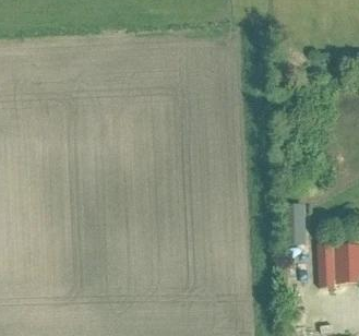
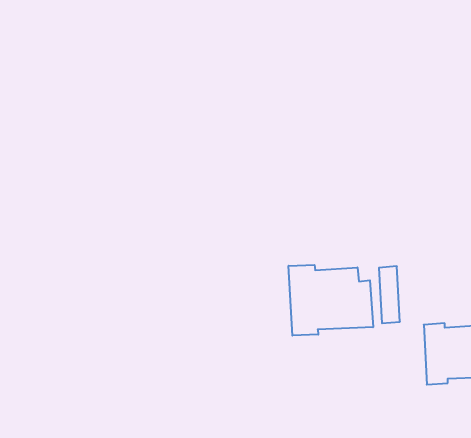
building: none -> [289,265,373,336]

